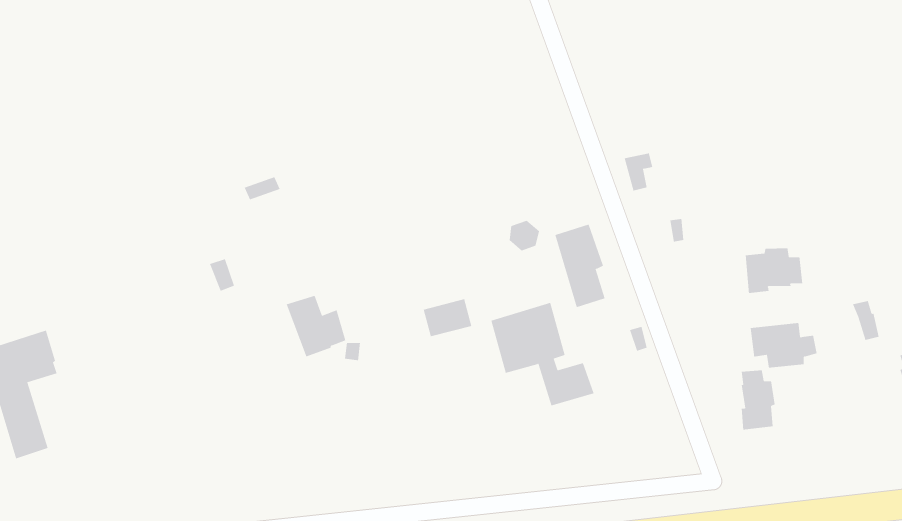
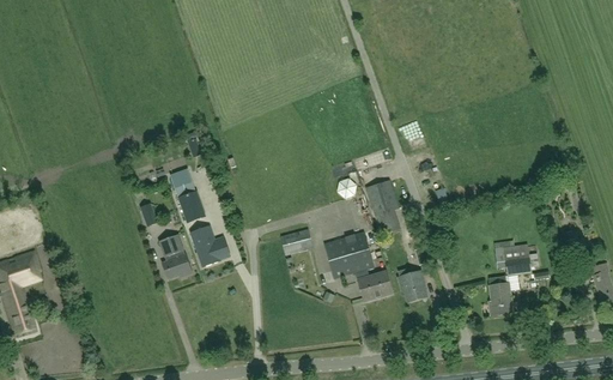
building: none -> [170,170,206,223]
building: [745,248,803,294] -> none
building: none -> [159,235,190,278]
building: none -> [397,269,427,303]

